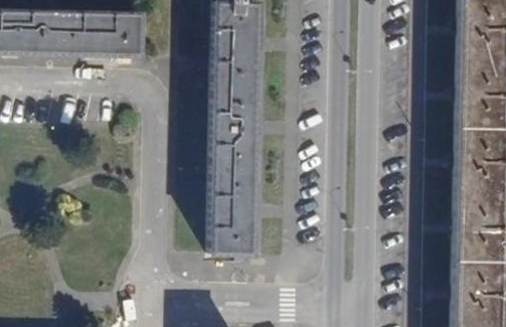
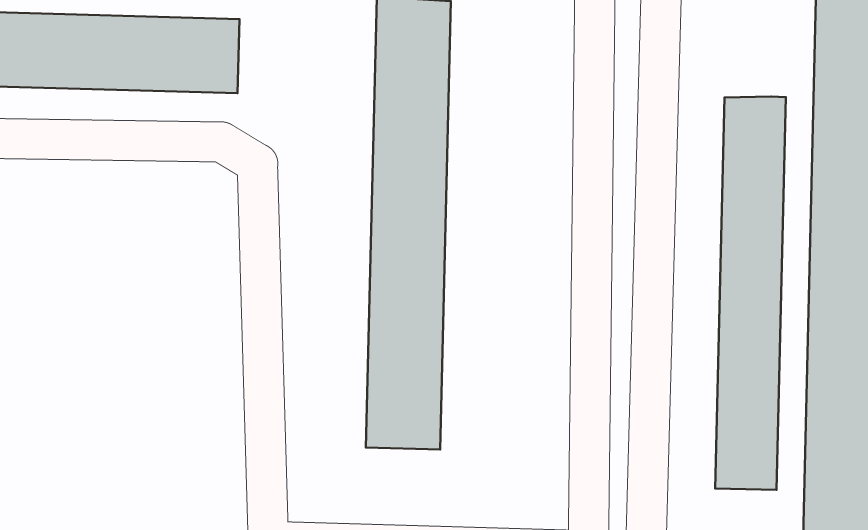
building: none -> [715,97,786,490]

